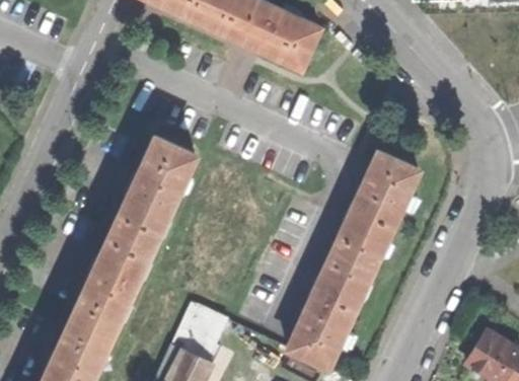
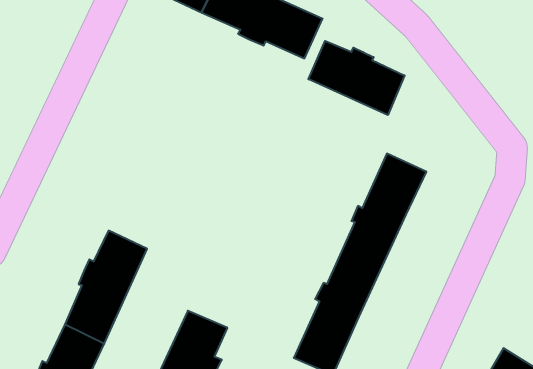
building: none -> [308,41,405,115]
building: [116,139,194,246] -> none

